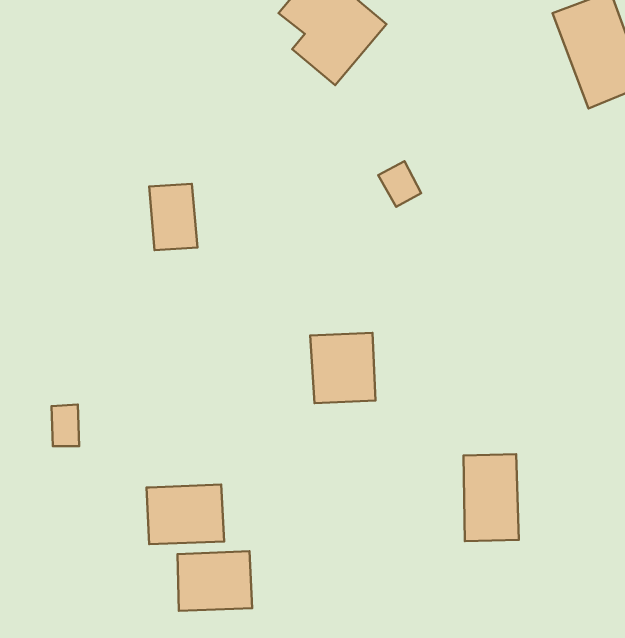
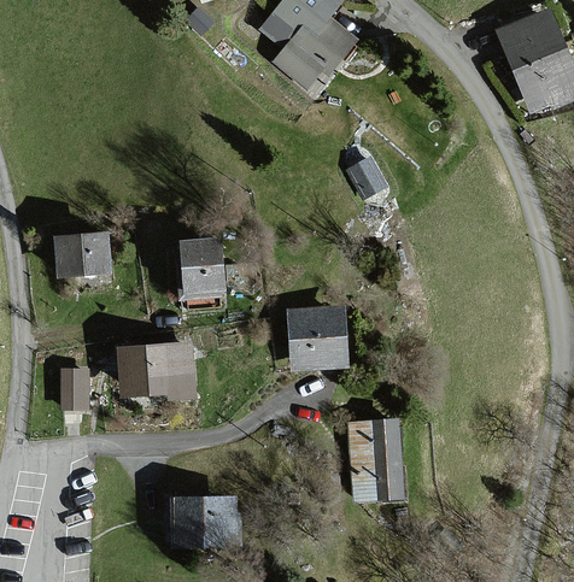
building: [149,184,197,250] -> [181,240,223,298]
building: none -> [58,234,105,275]
building: [464,454,519,541] -> [352,422,400,498]
building: [147,485,224,544] -> [123,346,191,398]

